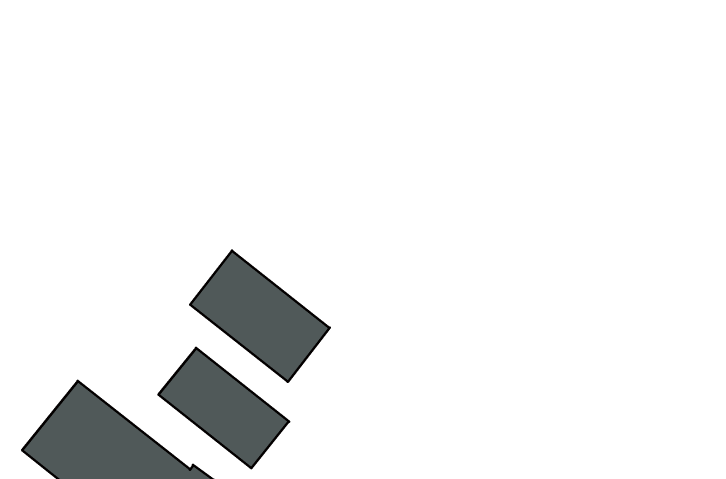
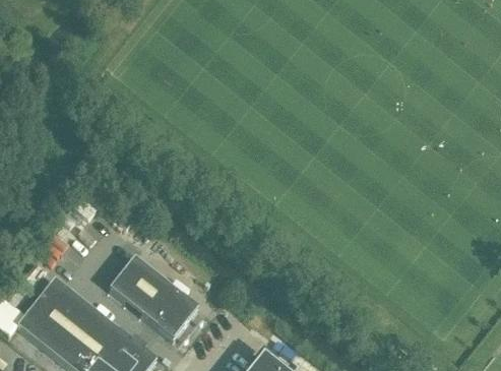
building: [190,251,330,382] -> none

